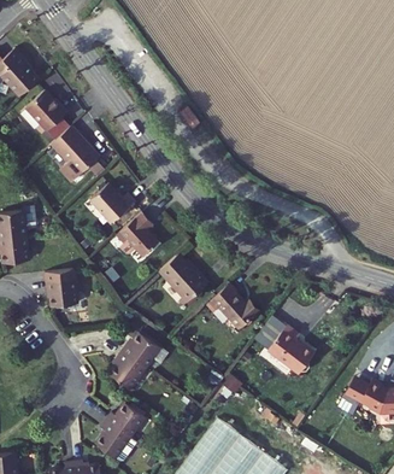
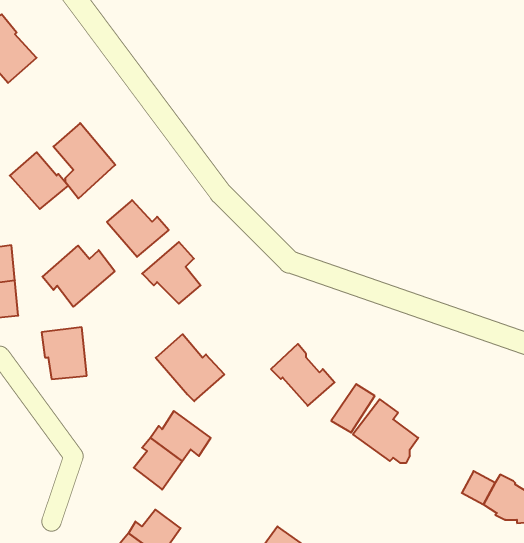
building: [24,89,66,130] -> [10,152,68,209]
building: none -> [42,246,115,307]
building: [159,253,208,302] -> [156,334,224,401]

